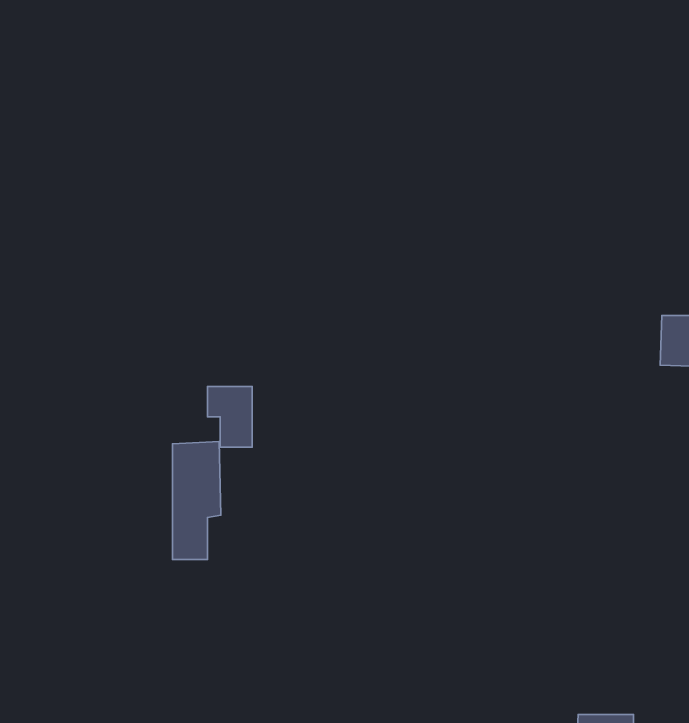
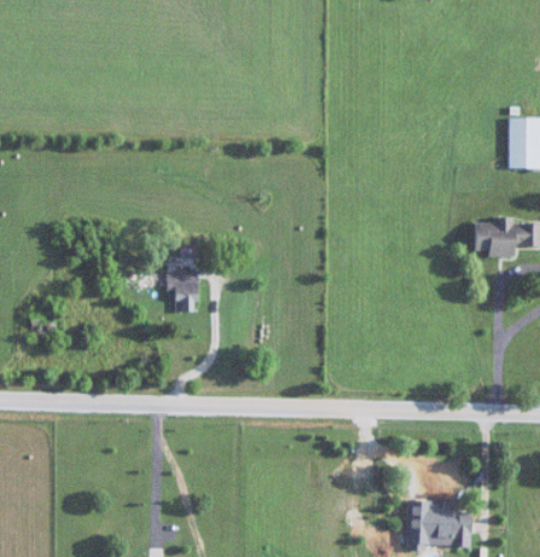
building: [172,442,221,559] -> none

